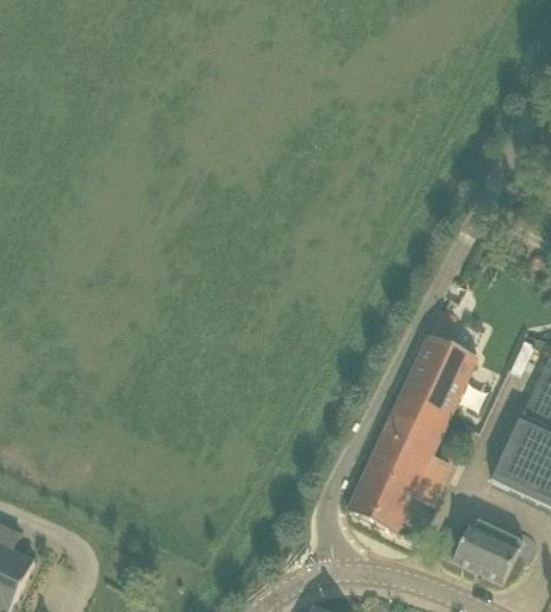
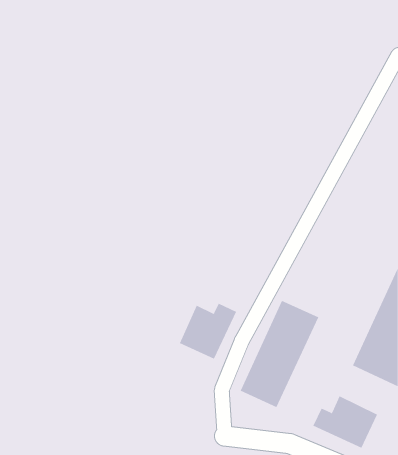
building: [402,333,477,416] -> none
building: none -> [179,303,237,360]

